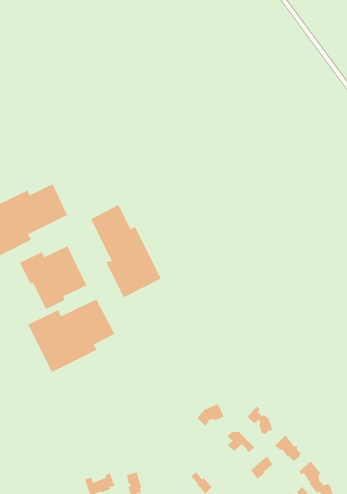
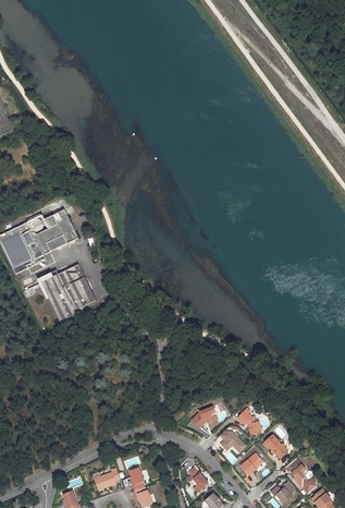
building: [91,204,162,298] -> none
building: [28,299,115,373] -> none

